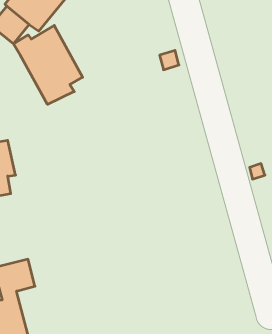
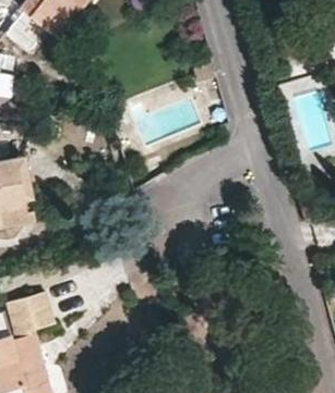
building: [14,25,83,104] -> none

